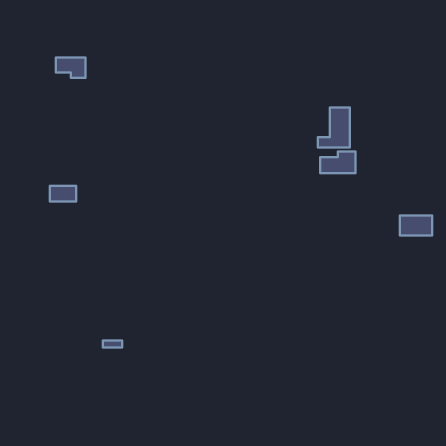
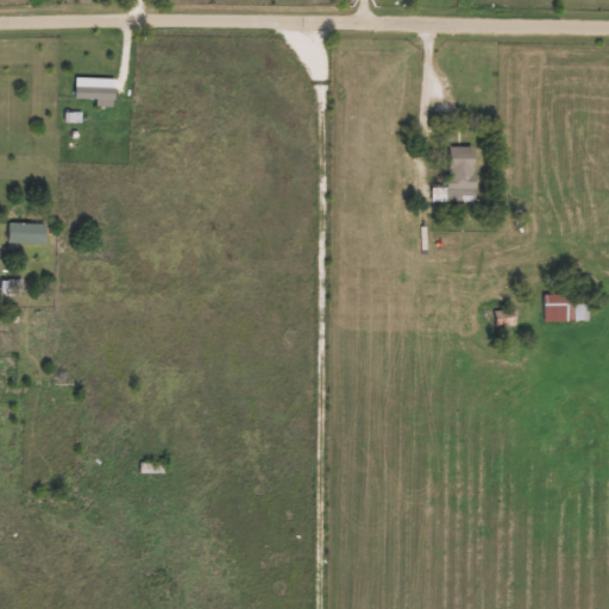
building: [320,151,356,173] -> none
building: [50,186,76,201] -> [11,222,46,244]

